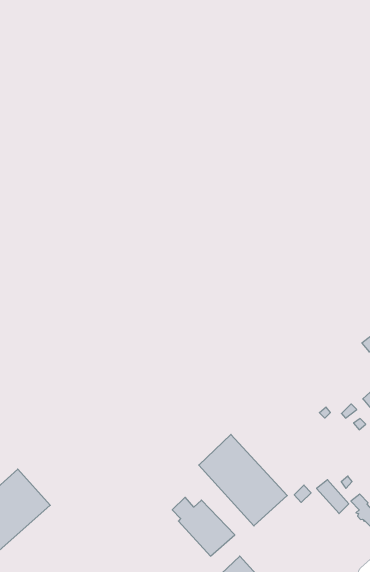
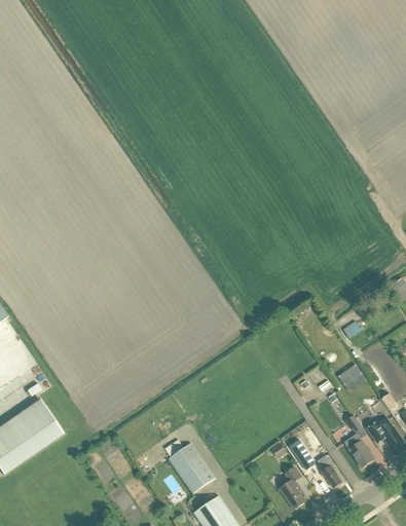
building: [199,434,287,526] -> none
building: none -> [280,465,306,509]

